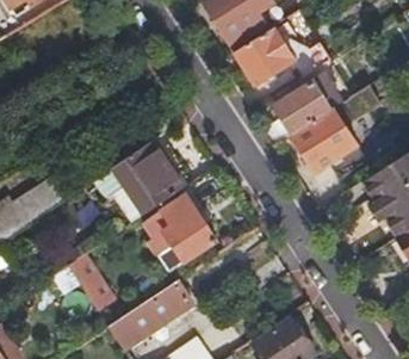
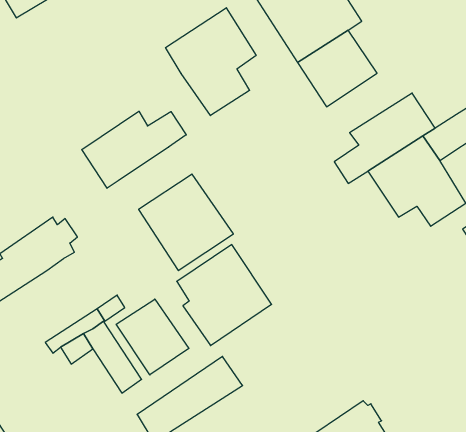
building: none -> [166,8,256,116]
building: none -> [82,111,186,188]
building: none -> [116,299,189,375]

